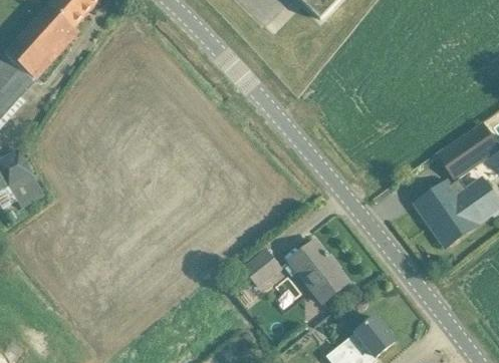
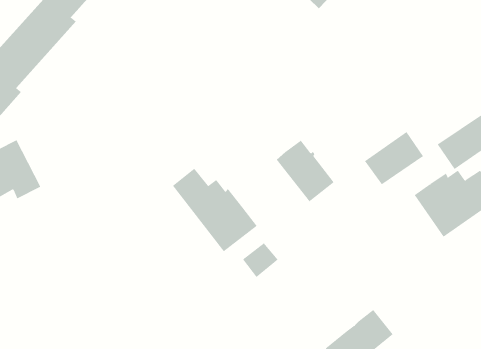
building: none -> [364,131,424,185]
building: none -> [172,168,258,252]
building: [288,241,346,303] -> [276,140,334,202]

